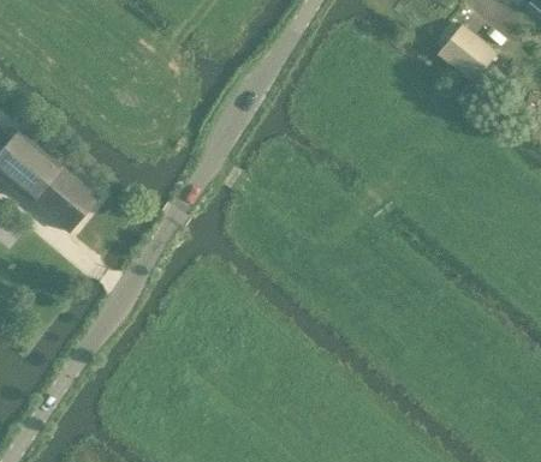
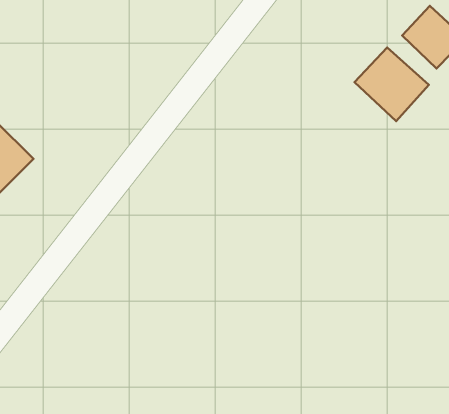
building: none -> [355,47,429,121]

